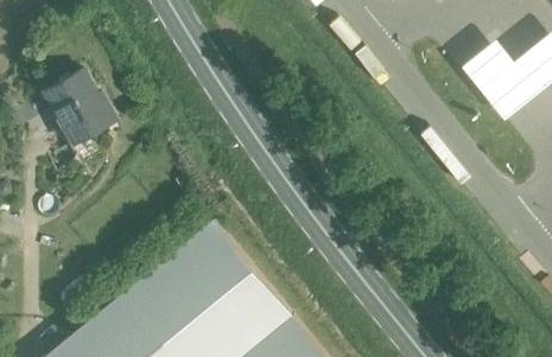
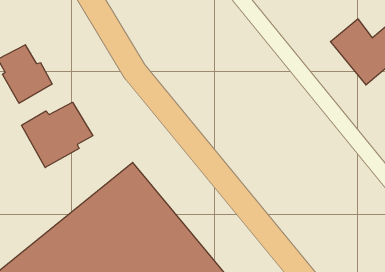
building: none -> [22,102,93,168]

